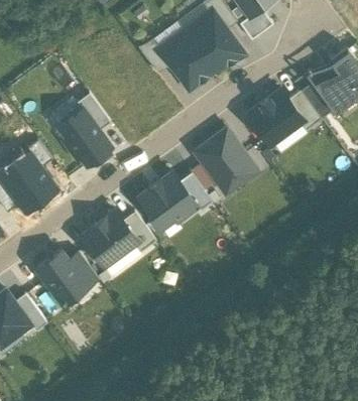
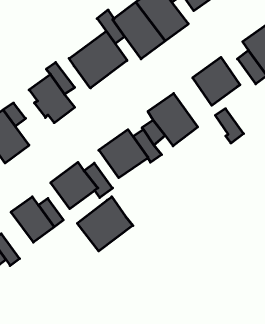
building: none -> [69,31,127,88]
building: [290,90,324,130] -> [215,109,244,143]
building: none -> [77,197,133,251]

